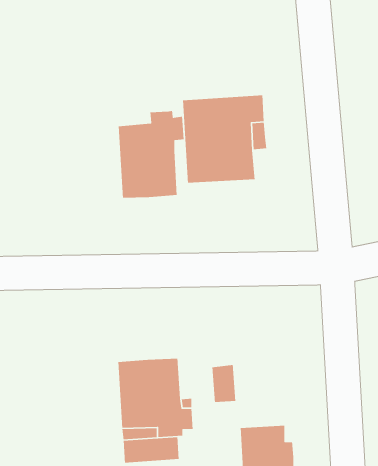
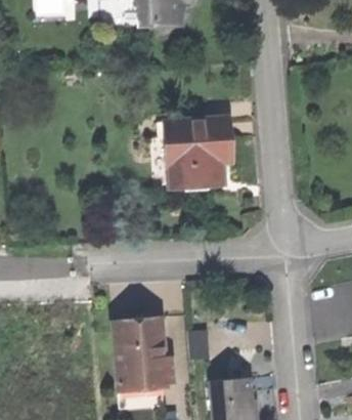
building: [118,110,184,198] -> none

